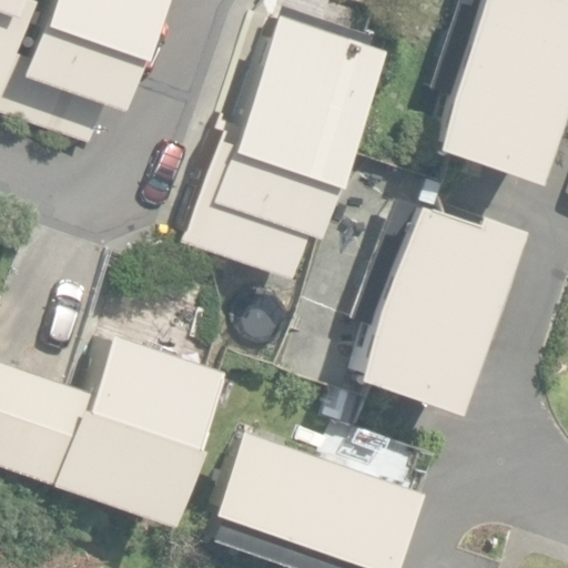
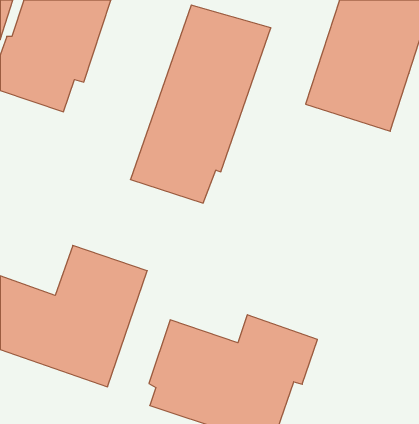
building: [352,204,509,405] -> none

